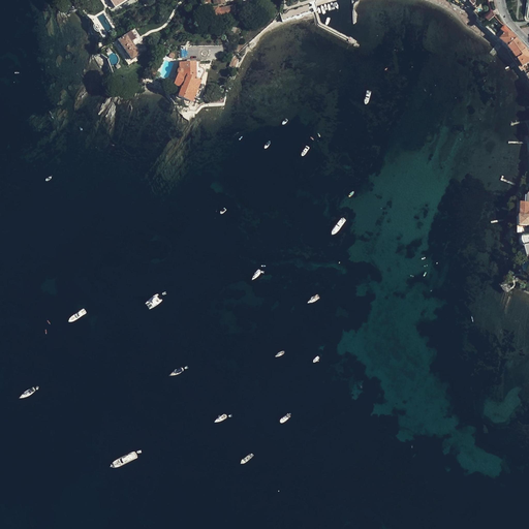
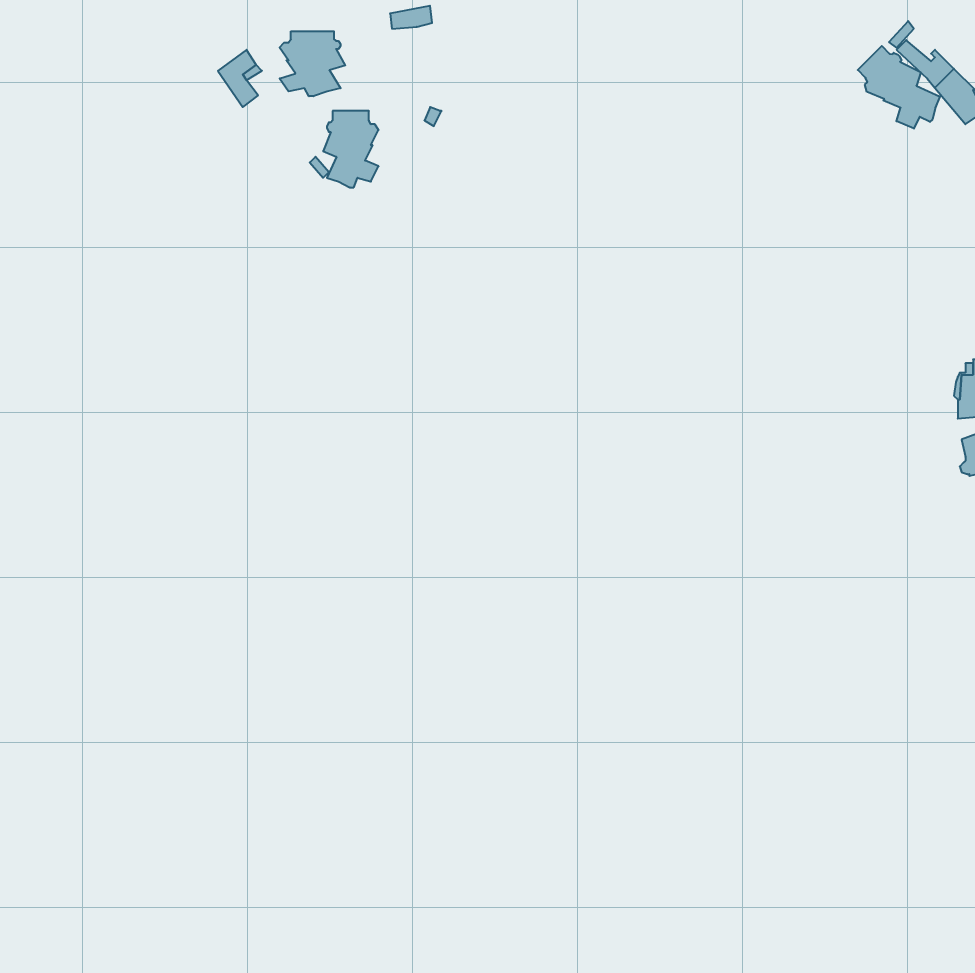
building: none -> [280,31,345,96]
building: none -> [858,46,940,129]

